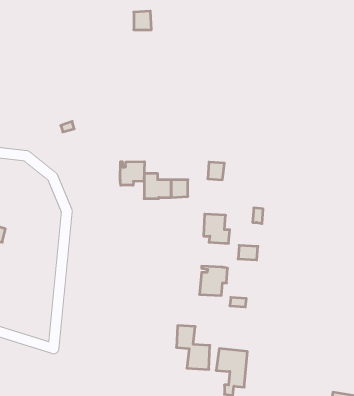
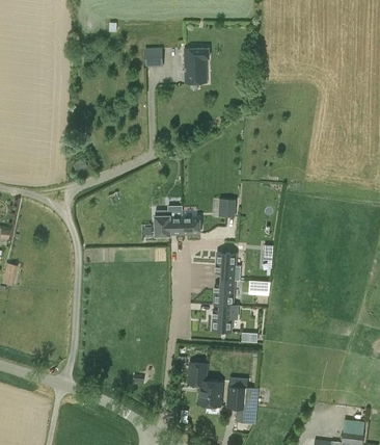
building: none -> [184,47,210,83]
building: [120,162,144,185] -> none
building: none -> [213,279,236,304]

